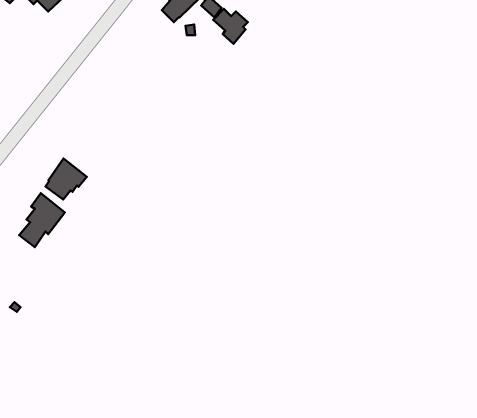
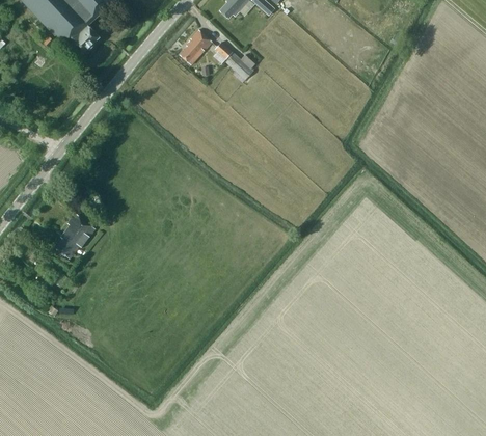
building: [45,159,87,199] -> none

